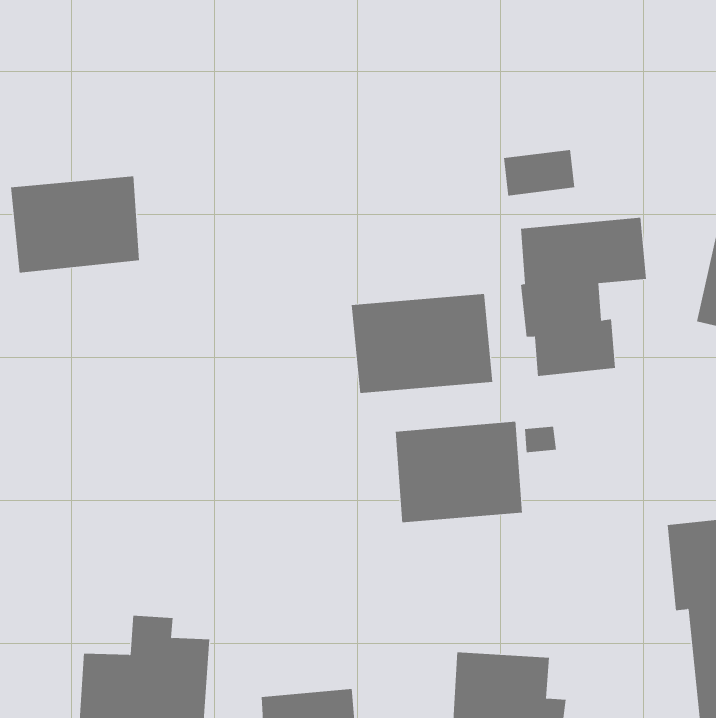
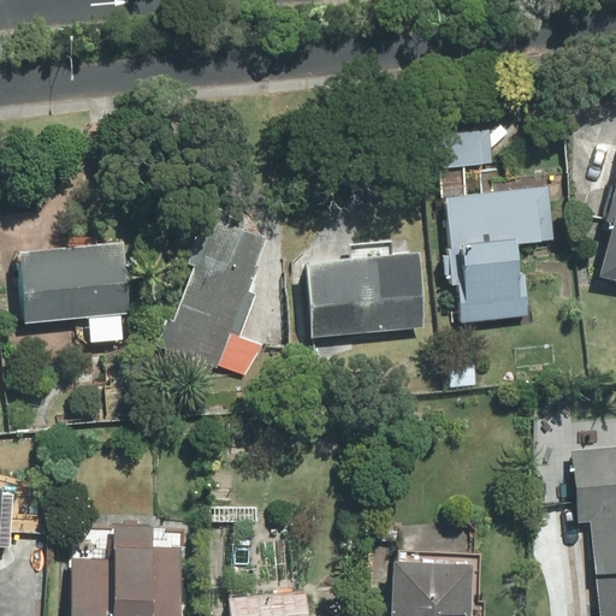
building: [10,176,140,273] -> [18,242,129,325]
building: none -> [158,205,266,378]
building: [395,421,523,523] -> none

